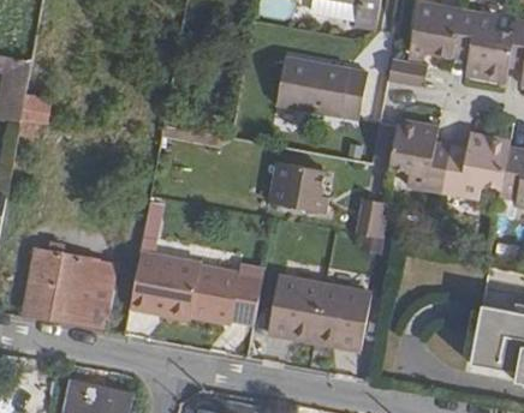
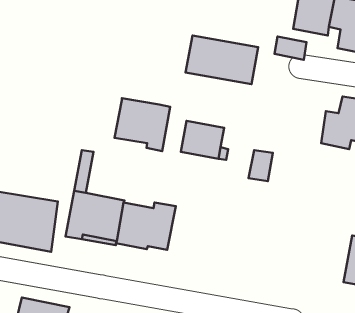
building: [389,120,451,191] -> none
building: none -> [115,98,170,151]
building: [272,275,371,348] -> none

